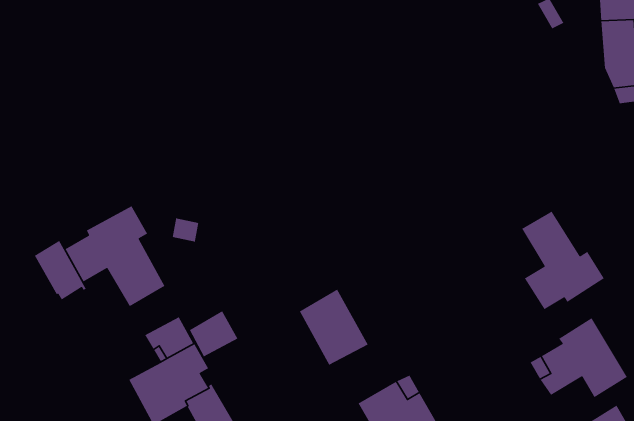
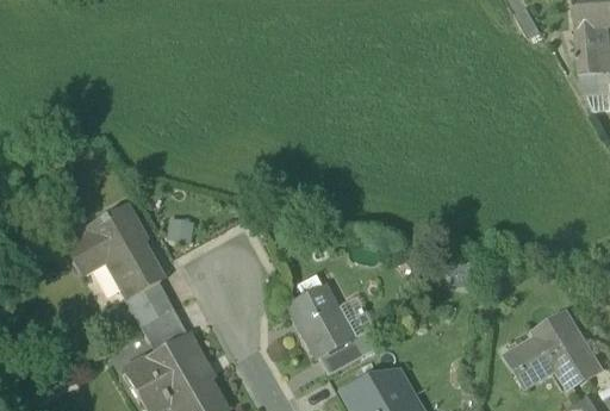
building: [521,210,605,310] -> none
building: [34,240,87,301] -> none
building: [189,310,239,357] -> [126,281,174,326]
building: none -> [317,336,363,373]

